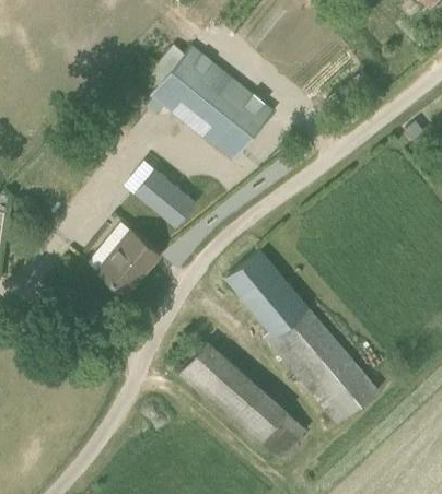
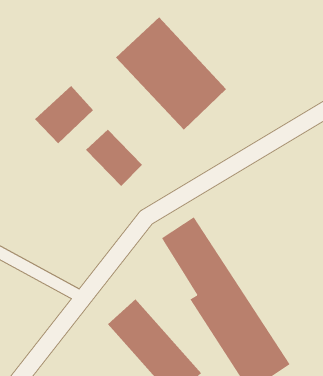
building: [98,232,160,295] -> [34,85,94,144]

